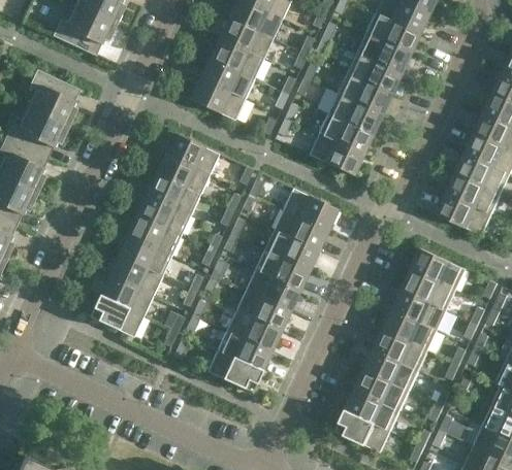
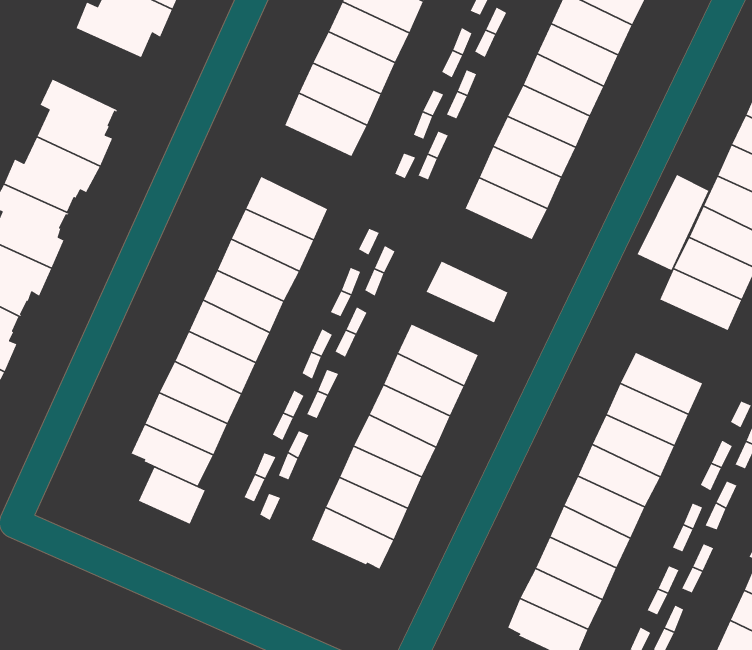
building: none -> [637,174,709,271]
building: [274,209,328,250] -> none
building: none -> [138,466,206,525]

